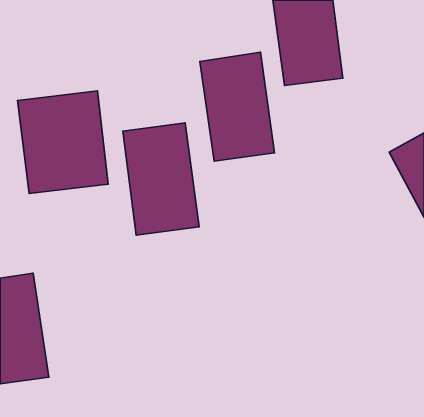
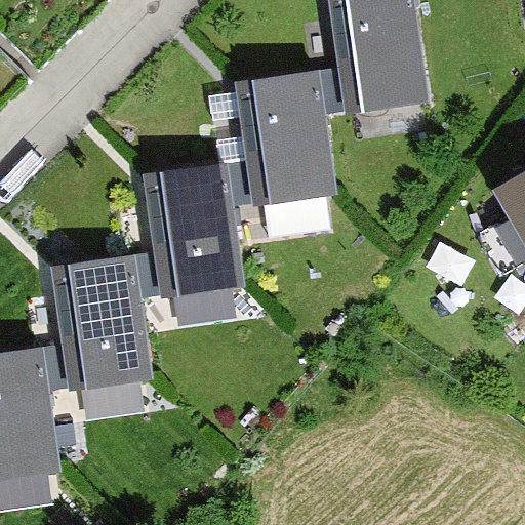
building: [18,91,108,194] -> none
building: none -> [55,252,150,390]

